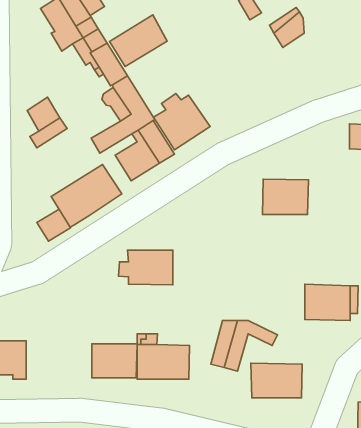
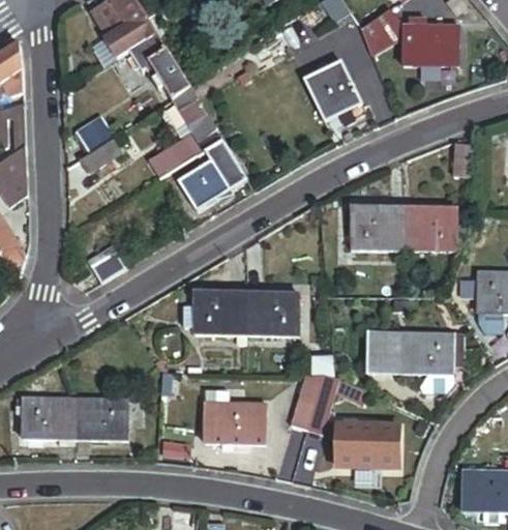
building: [110,15,167,66] -> none
building: none -> [400,22,456,68]
building: none -> [307,49,366,112]
building: [153,93,210,150] -> none
building: [51,165,122,227] -> none
building: none -> [402,210,456,252]
building: none -> [245,292,297,332]
building: none -> [364,331,399,373]
building: [92,344,137,378] -> [74,398,127,437]

